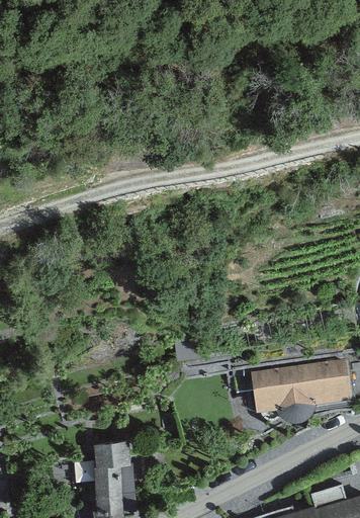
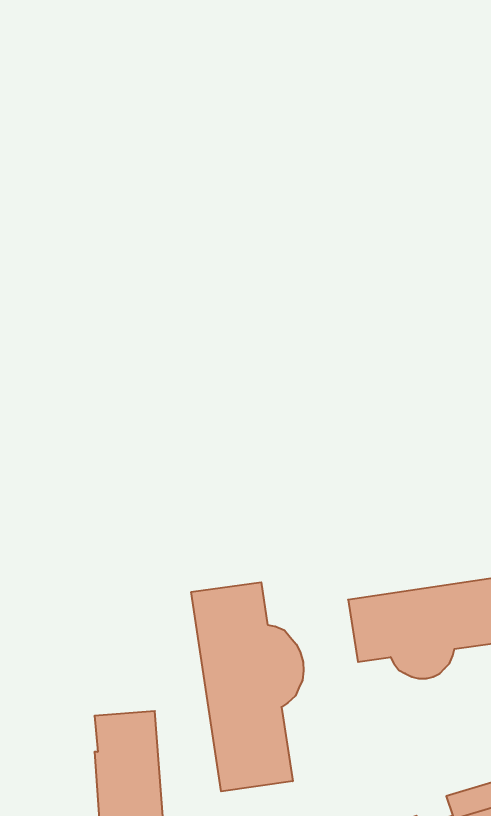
building: none -> [191,582,304,791]

